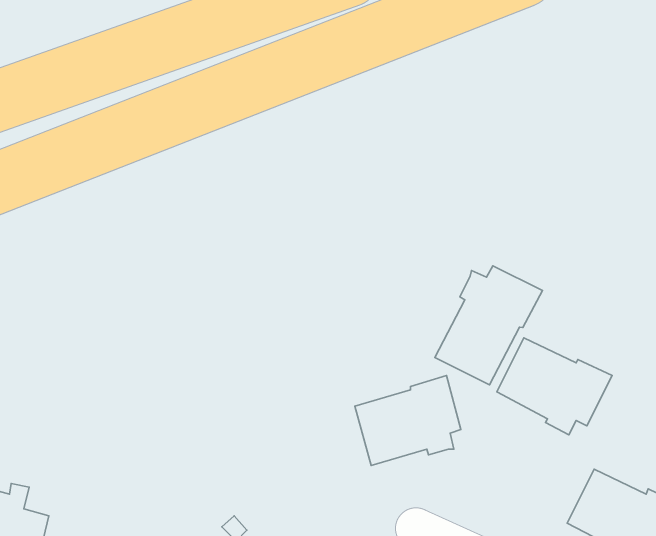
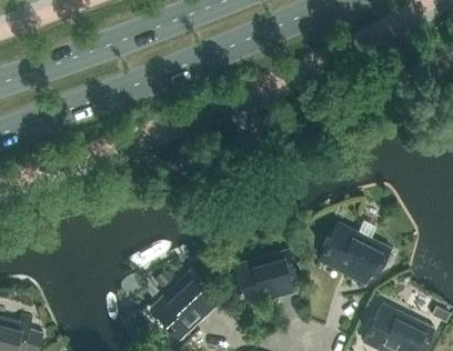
building: [435,266,543,385] -> none
building: none -> [151,269,217,339]

